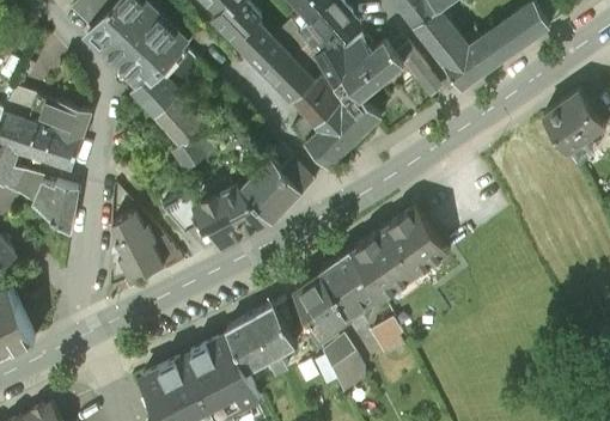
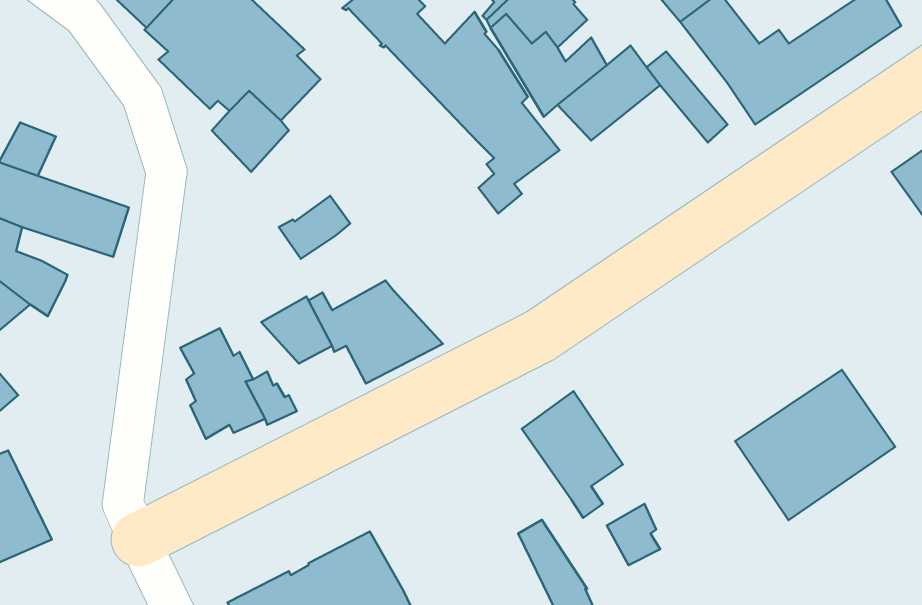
building: [305,77,382,166] -> none
building: [155,93,213,147] -> none
building: [26,96,90,139] -> none
building: [242,155,303,221] -> none
building: [32,183,78,234] -> none
building: [350,207,447,298] -> [735,370,895,520]
building: [294,273,349,336] -> none
building: [226,305,295,372] -> none

